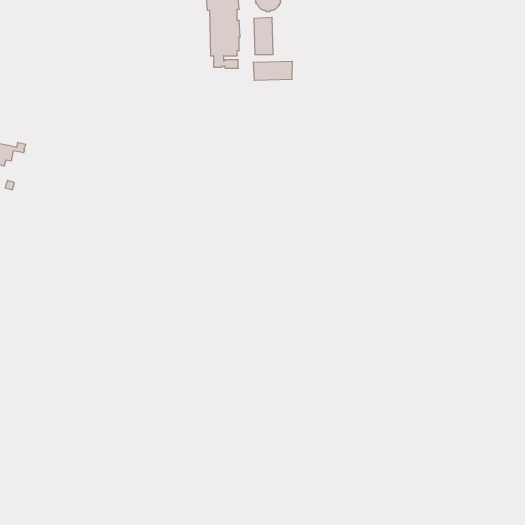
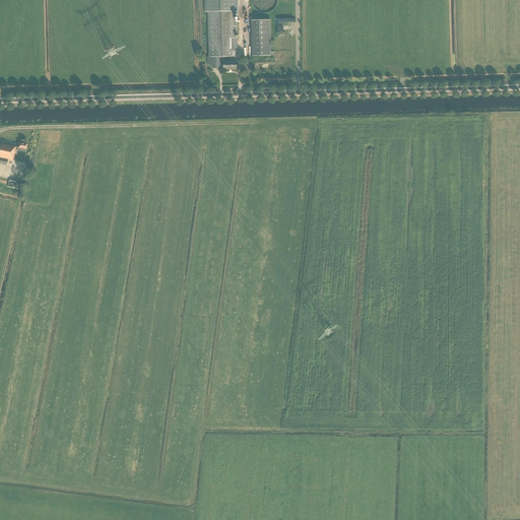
building: [253,61,292,81] -> none

